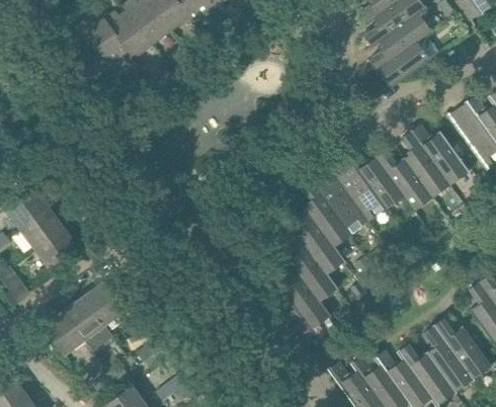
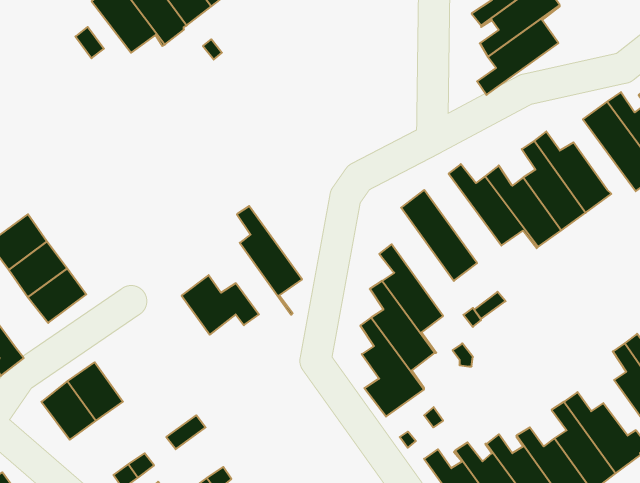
building: [329,156,387,223] -> none
building: [303,181,351,262] -> [237,206,302,315]
building: [83,281,141,326] -> [182,275,259,335]

